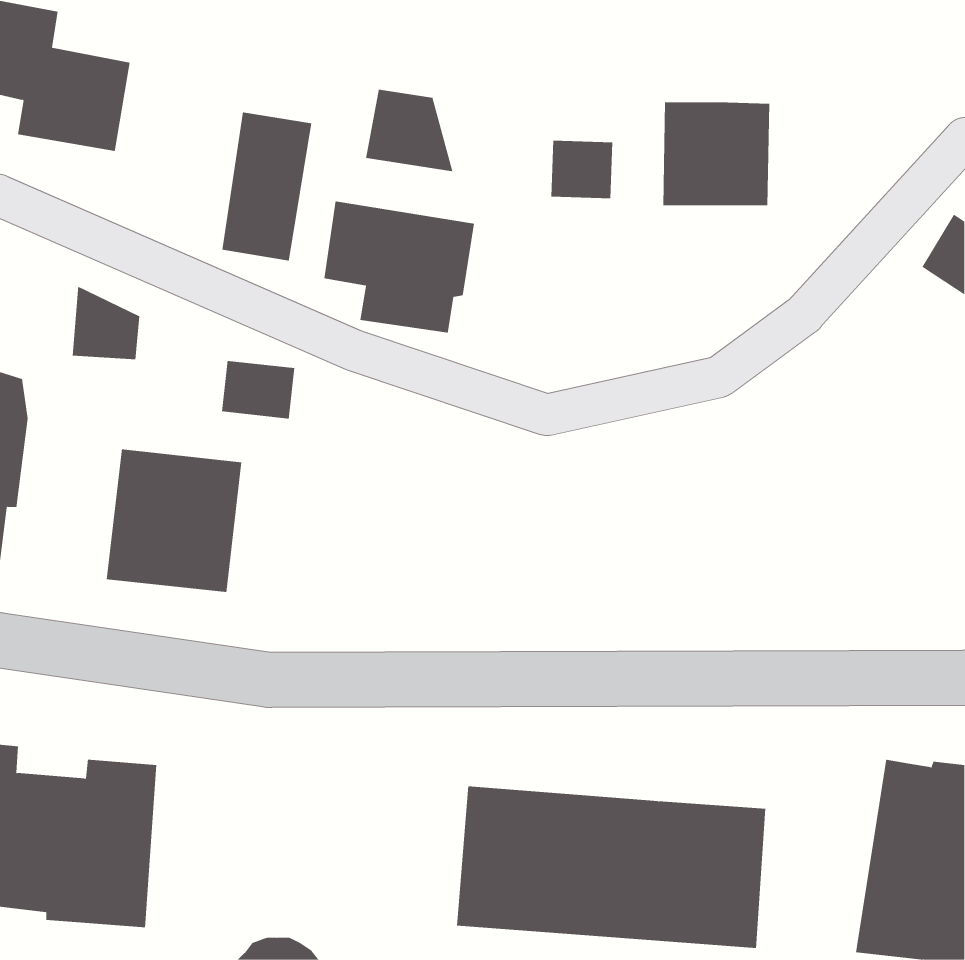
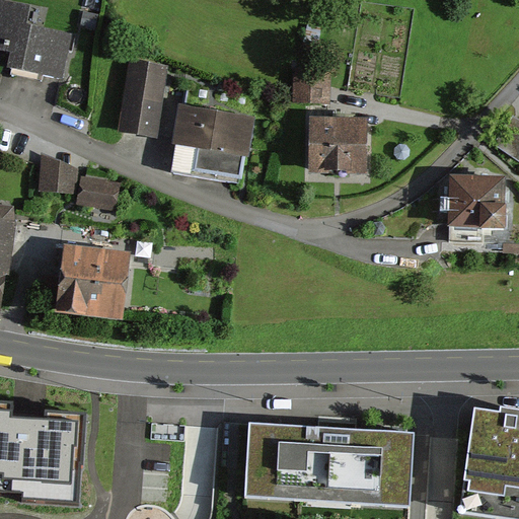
building: [366,89,453,172] -> none
building: [662,102,770,206] -> [308,120,366,175]
building: none -> [450,178,504,238]
building: [221,360,295,419] -> [77,175,117,207]

